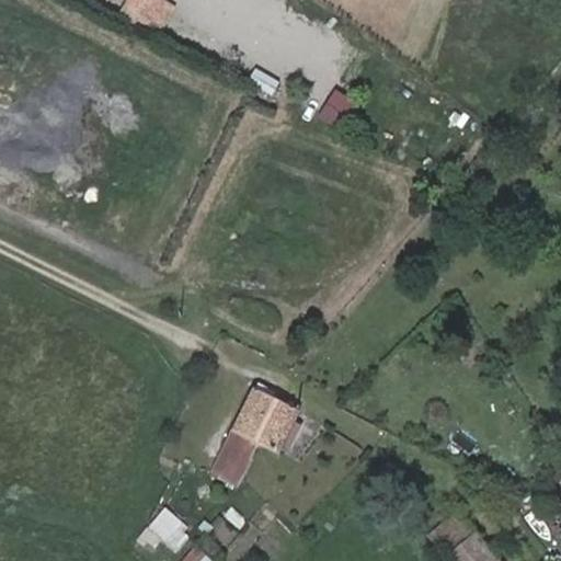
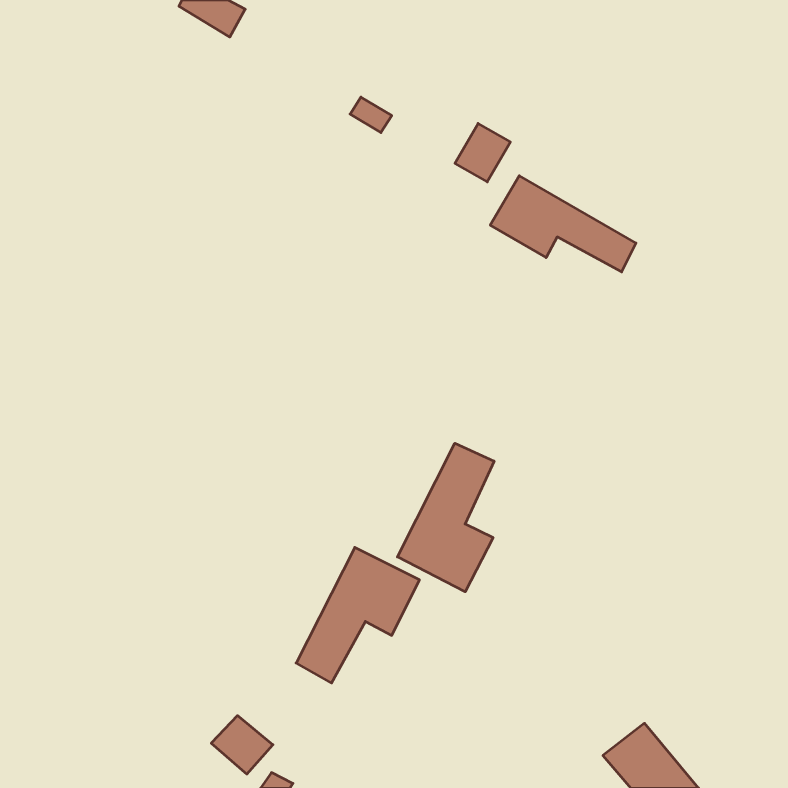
building: none -> [490,176,636,272]
building: none -> [397,443,494,592]

